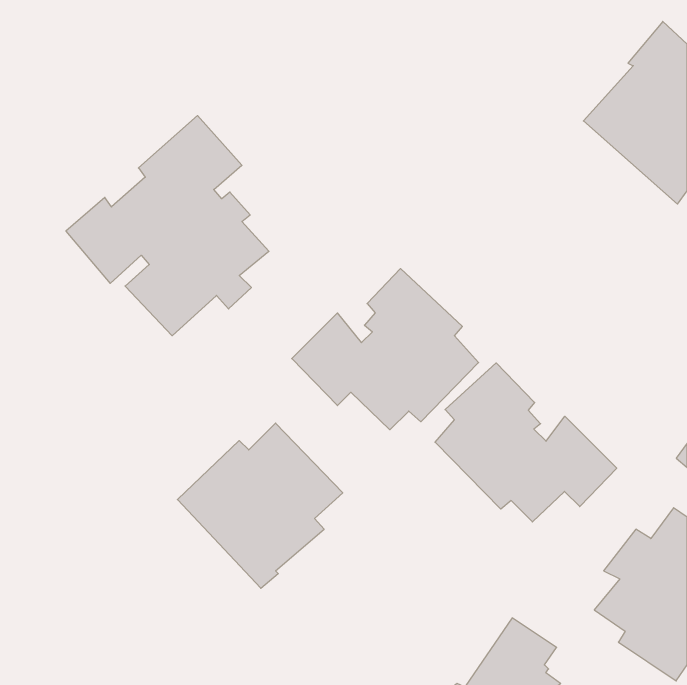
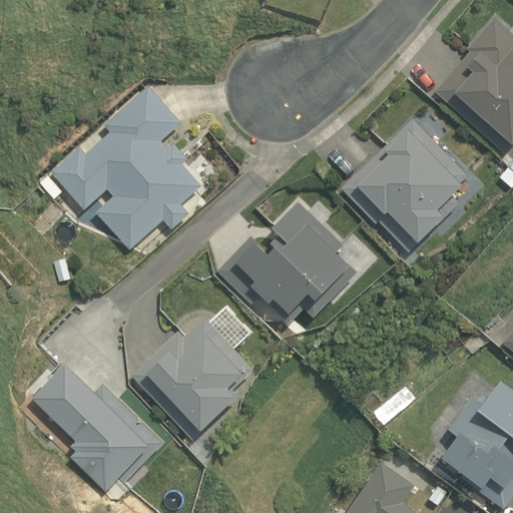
building: none -> [342,118,468,250]
building: [435,363,617,522] -> none
building: none -> [30,365,162,493]

